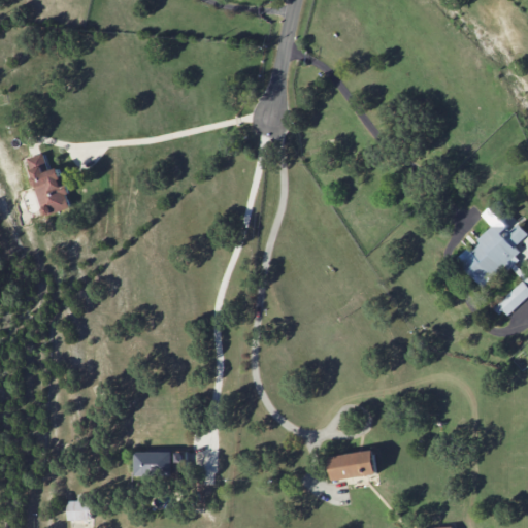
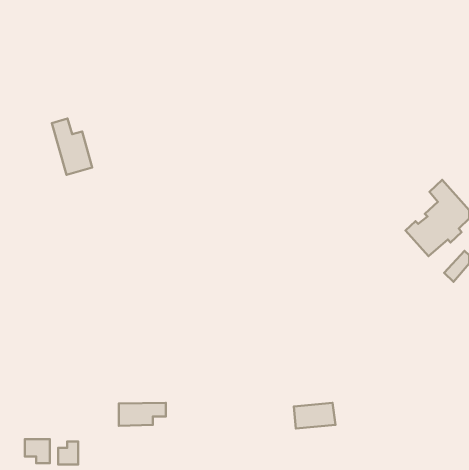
building: [25,154,70,217] -> [52,119,92,175]
building: none -> [25,439,50,463]

